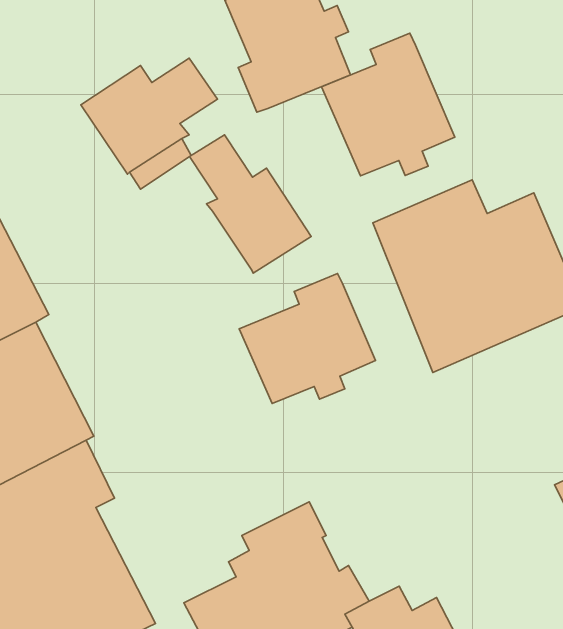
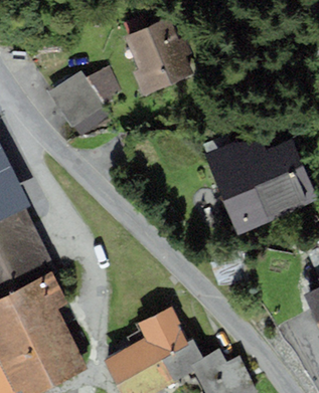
building: [322,33,455,176] -> none
building: [190,135,311,273] -> none
building: [239,273,376,403] -> none

